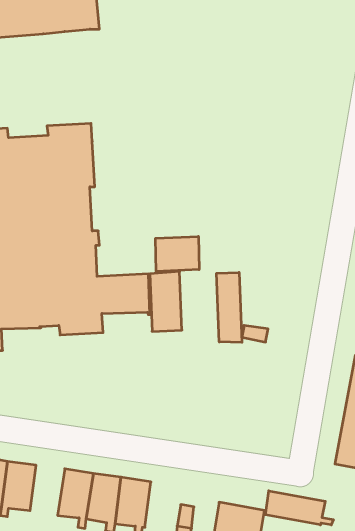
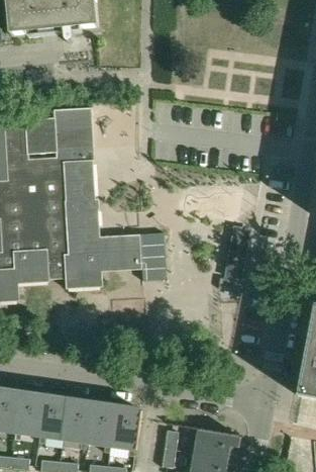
building: [156,236,199,271] -> none
building: [217,272,242,342] -> none
building: none -> [38,395,70,443]
building: [265,491,333,525] -> none

